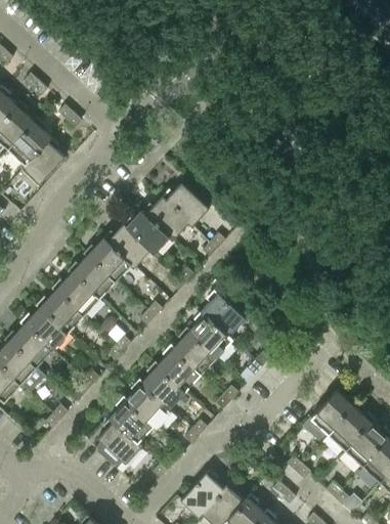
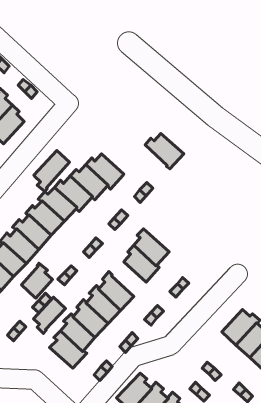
building: [161,184,209,228] -> [145,133,184,169]
building: none -> [34,151,70,192]
building: [173,329,216,376] -> none
building: none -> [22,263,52,298]
building: none -> [34,297,66,333]

